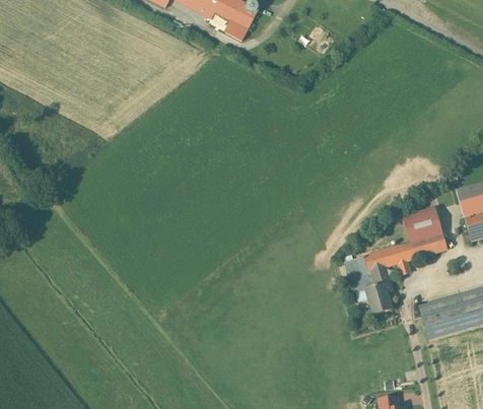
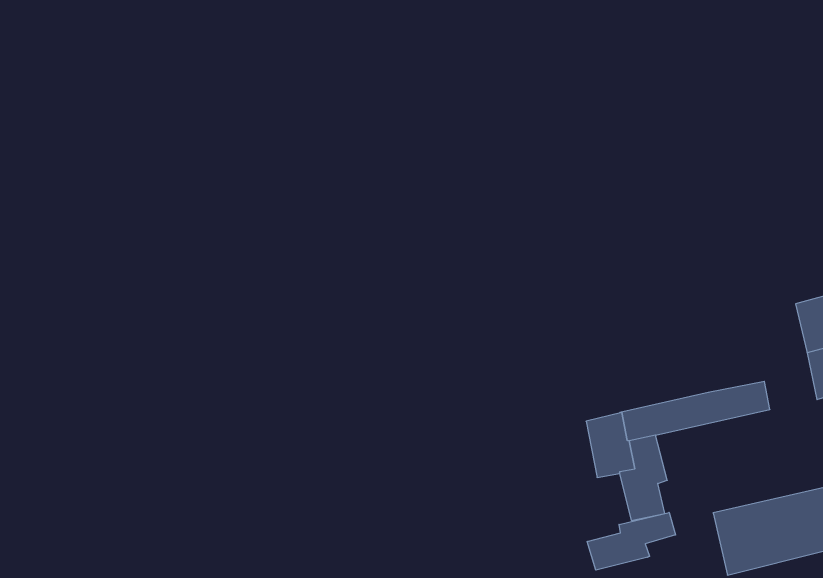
building: [404,208,441,241] -> none
building: none -> [587,512,676,570]

